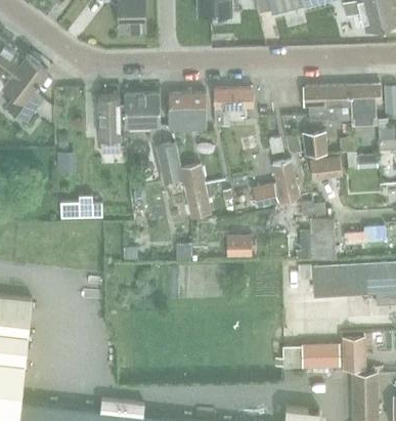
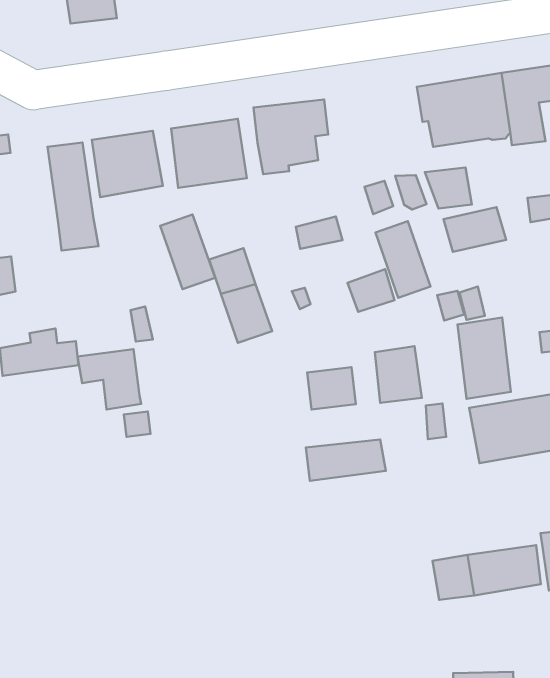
building: none -> [78,349,141,409]
building: none -> [375,346,422,403]
building: none -> [306,440,386,481]

